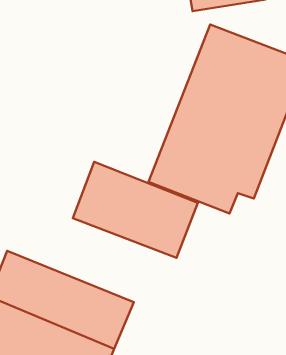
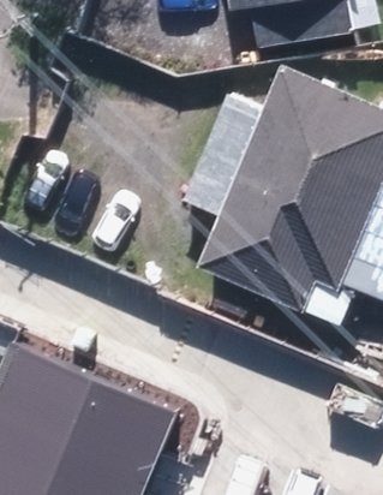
building: [73,162,198,258] -> none

